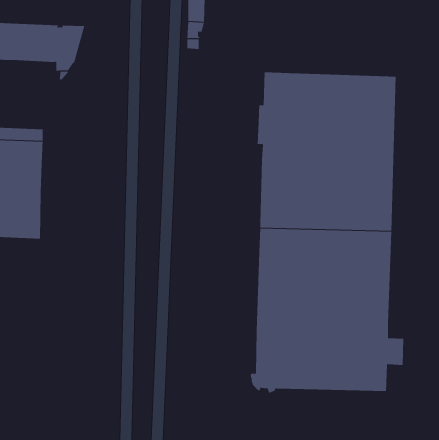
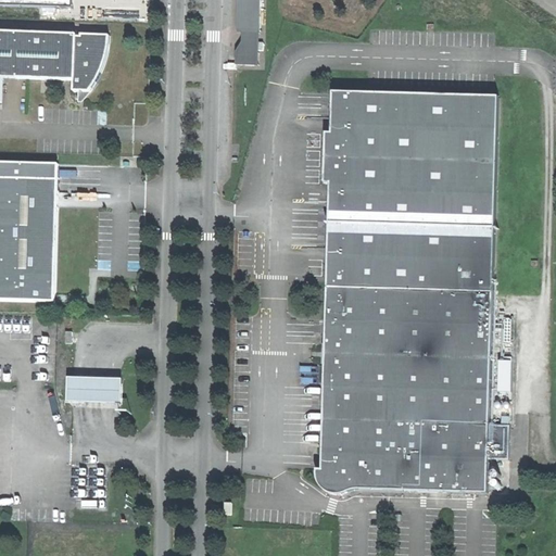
building: none -> [72,374,129,401]

